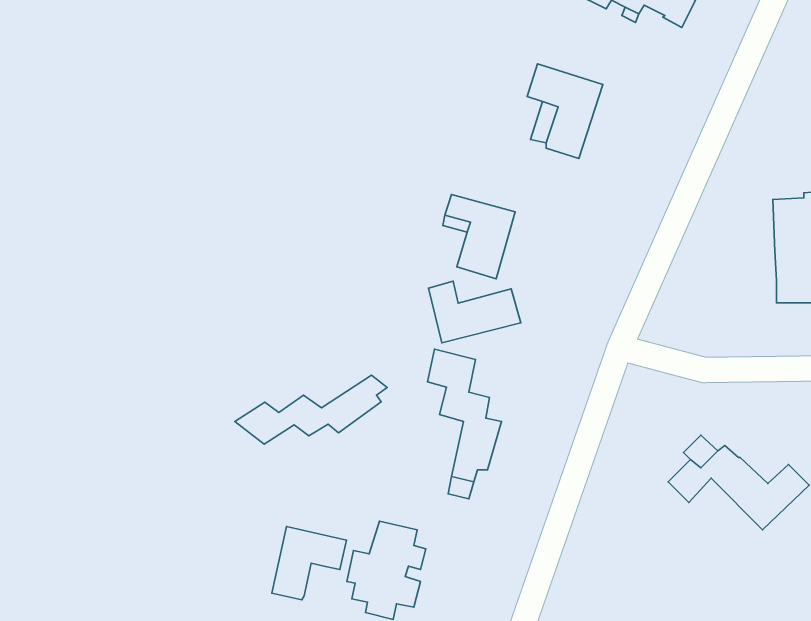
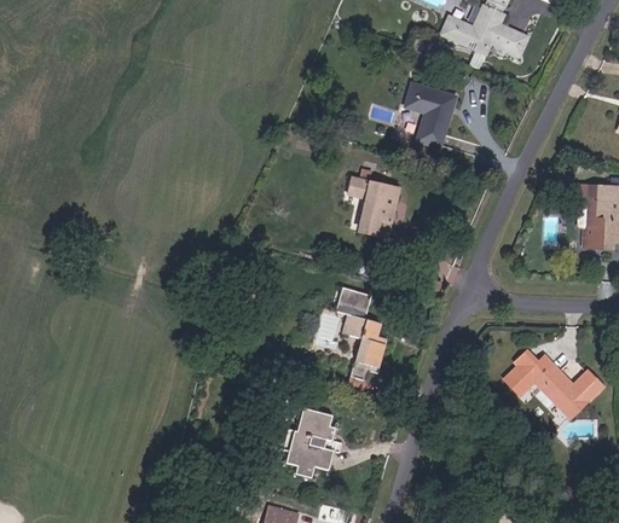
building: [429,281,521,343] -> none
building: [235,375,387,444] -> none
building: [272,526,346,600] -> none

